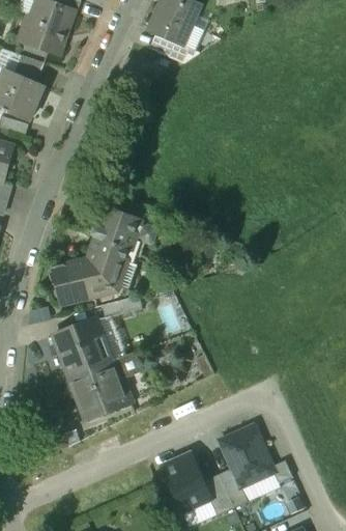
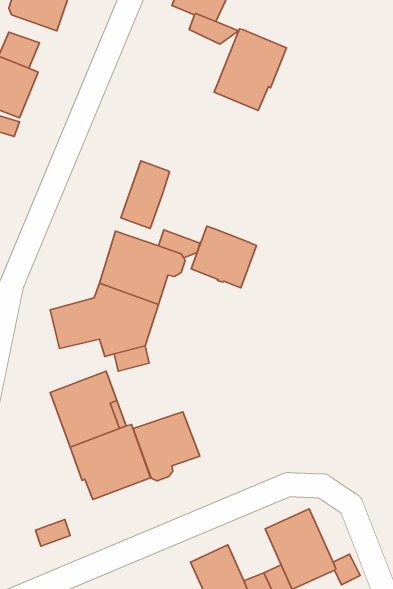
building: none -> [214,29,287,110]
building: none -> [121,161,169,229]
building: none -> [191,226,256,288]
building: none -> [133,412,200,481]

